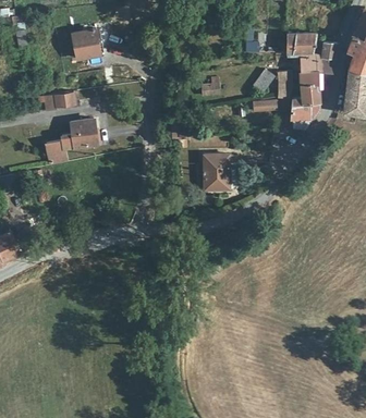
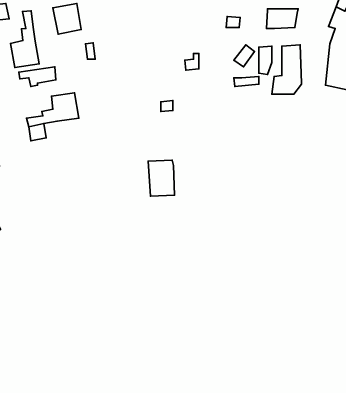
building: none -> [11,11,39,68]
building: [301,42,337,72] -> none
building: [204,153,230,189] -> [148,160,174,196]

